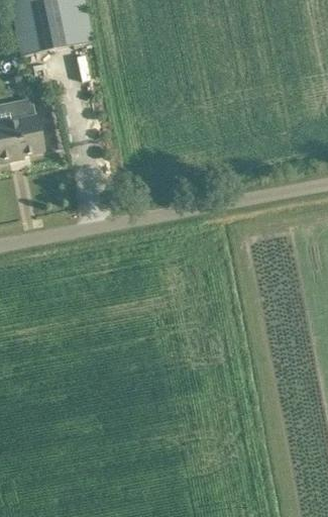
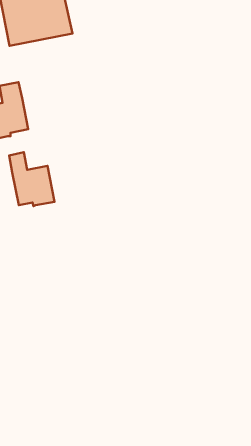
building: none -> [9,152,55,206]

